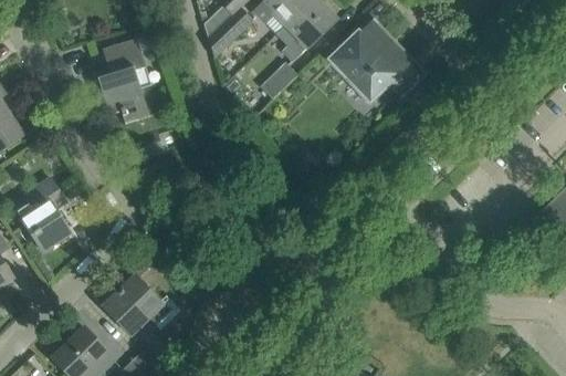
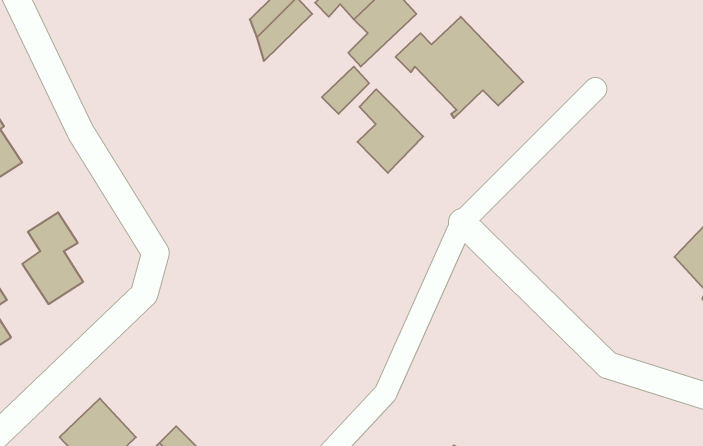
building: [98,38,150,123] -> none
building: none -> [357,89,423,173]
building: [105,275,181,334] -> none

